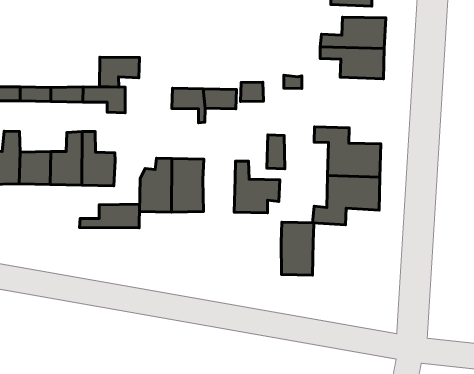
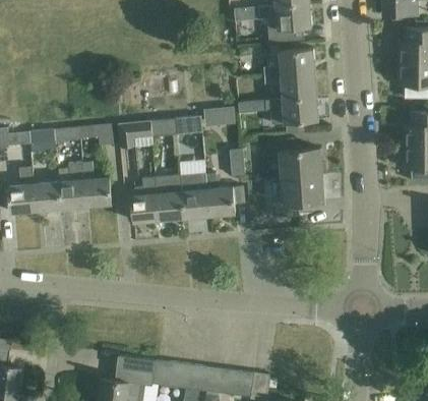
building: [100,57,140,87] -> [118,121,150,148]
building: none -> [265,97,318,124]
building: [80,204,140,228] -> none
building: [281,222,314,275] -> [180,173,208,217]

